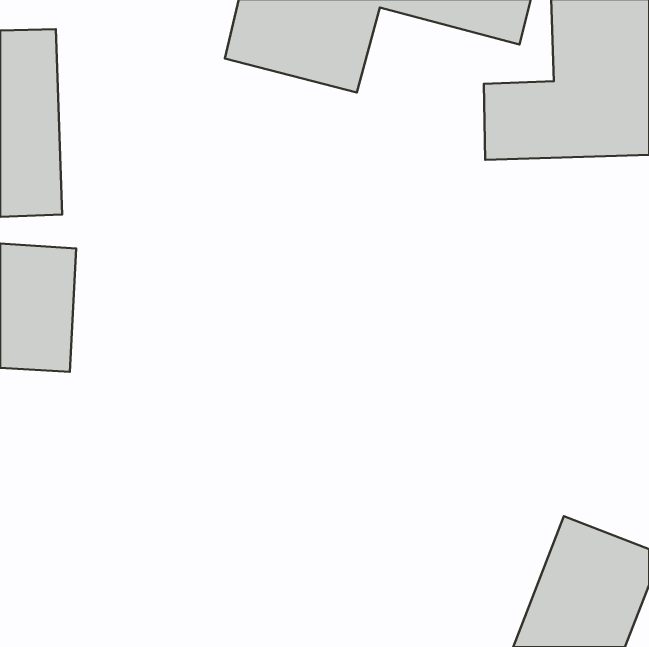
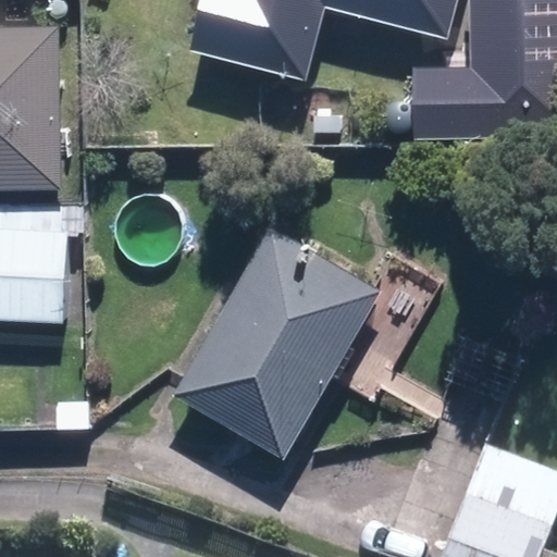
building: none -> [181,230,382,456]

